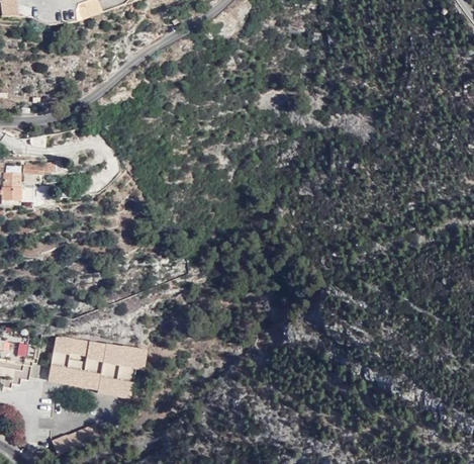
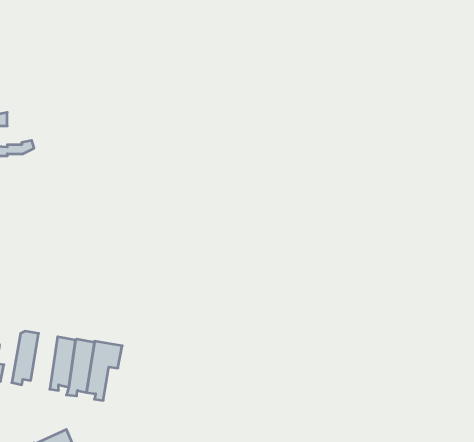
building: [64,336,88,386] -> none

